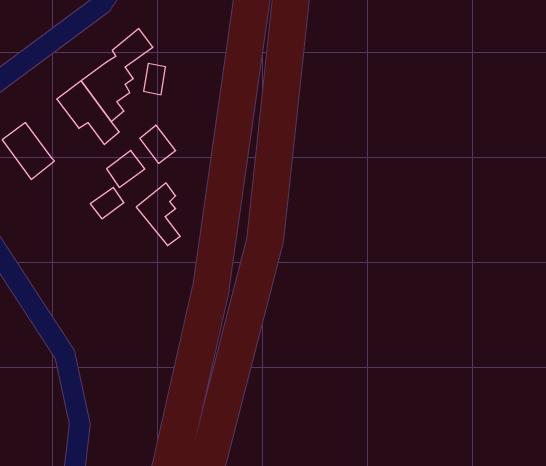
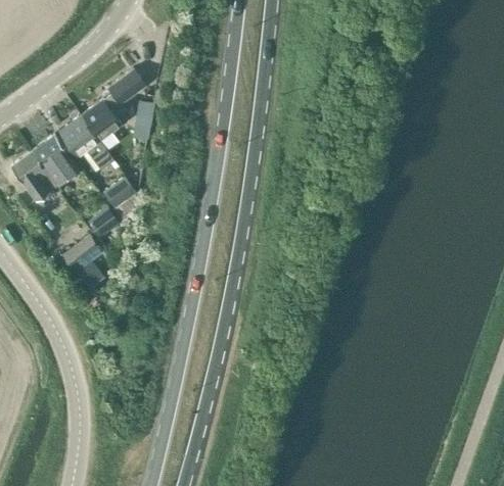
building: none -> [31,136,75,184]
building: [140,125,176,163] -> none
building: [136,183,180,246] -> [62,235,101,290]

